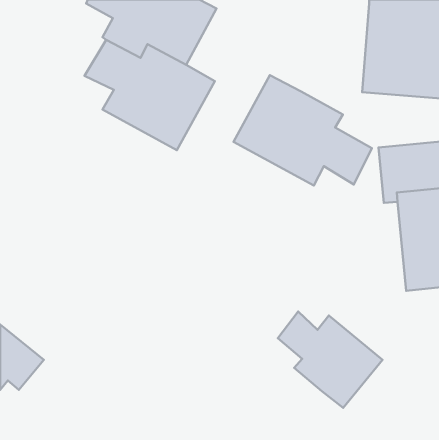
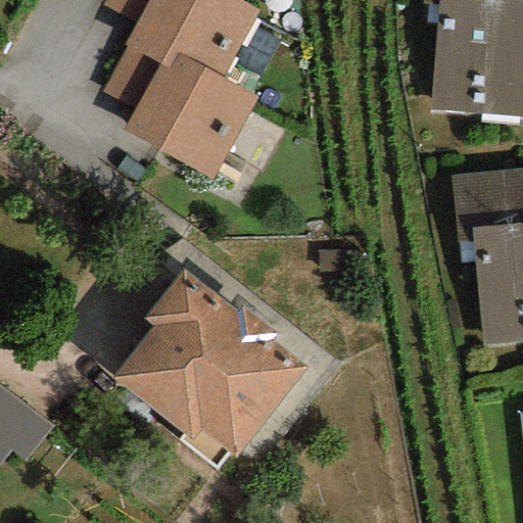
building: [234,75,372,186] -> none
building: none -> [114,269,307,469]
building: [278,312,382,408] -> none

